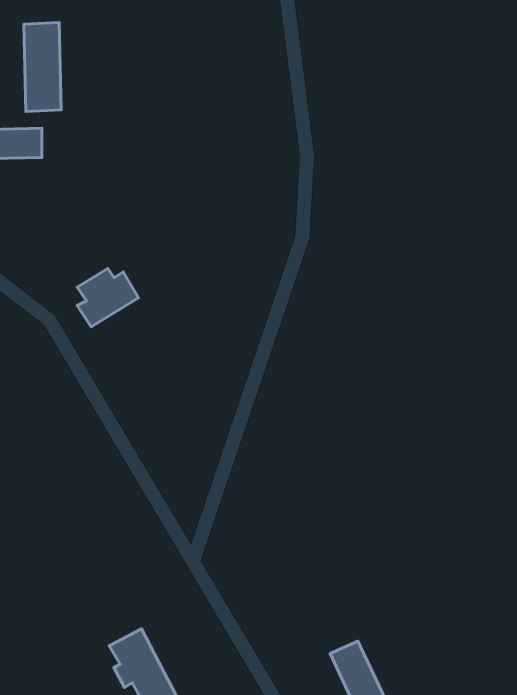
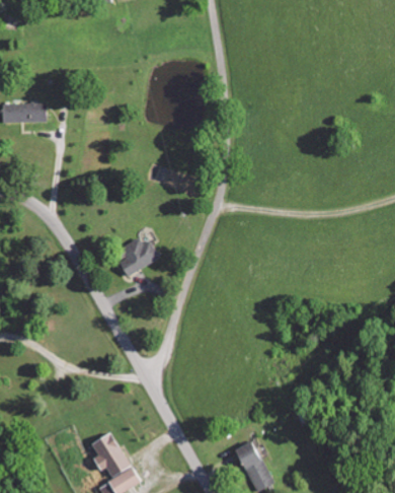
building: [24,22,61,112] -> none
building: [77,269,139,327] -> [118,238,159,277]

